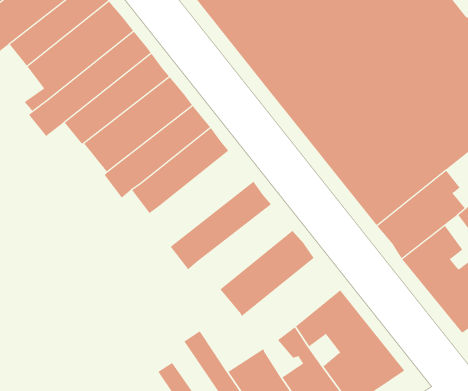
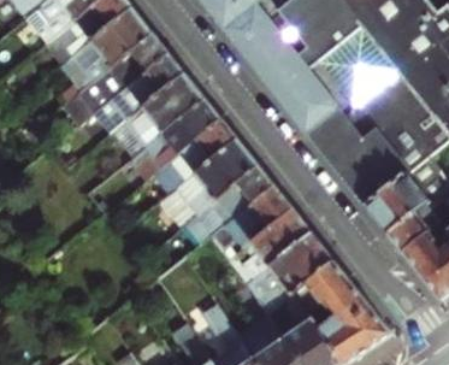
building: none -> [159,139,259,226]
building: none -> [209,186,293,260]
building: none -> [248,232,335,314]

